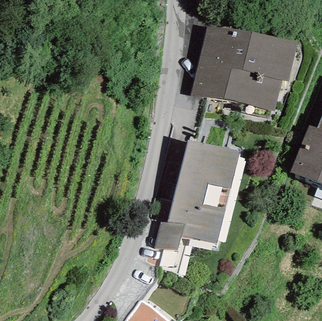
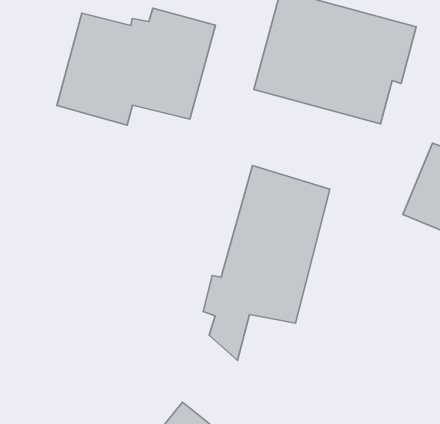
building: none -> [57,8,216,125]

